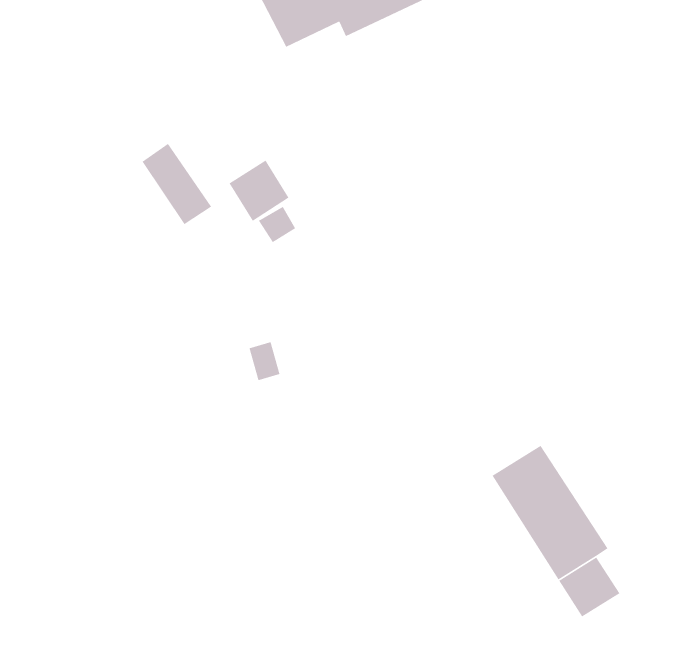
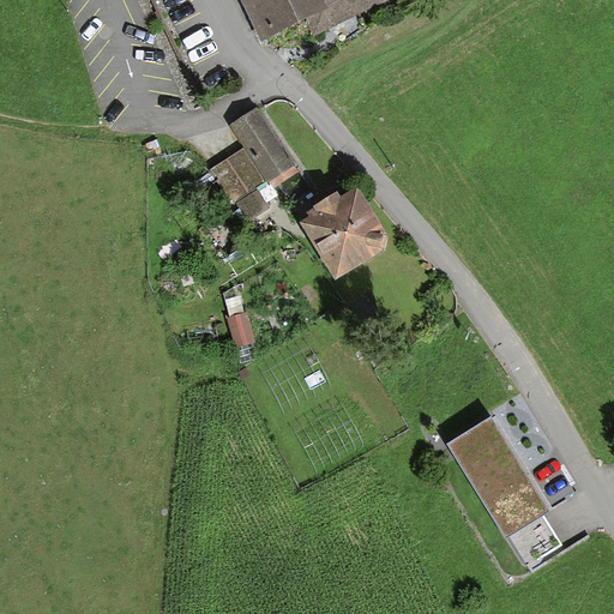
building: [142,143,212,225] -> [229,106,293,180]
building: none -> [296,188,385,282]

